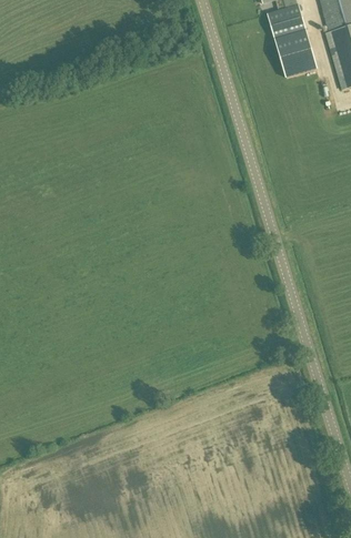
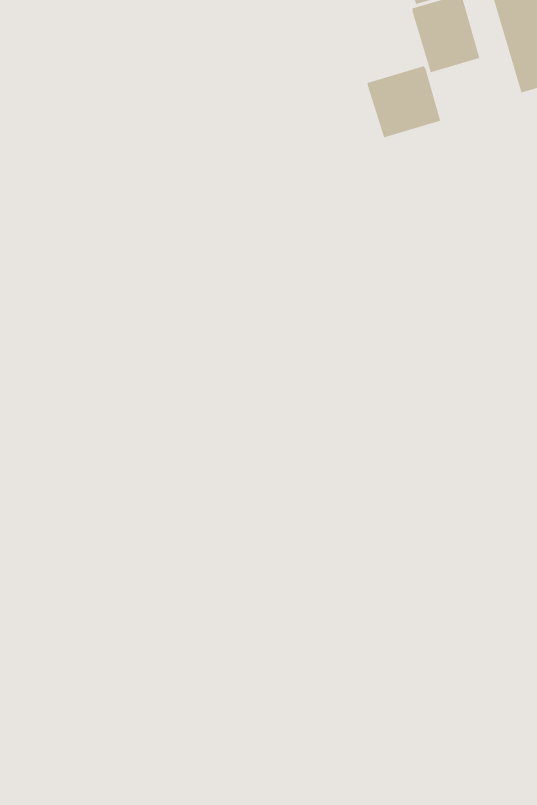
building: none -> [367,66,441,138]

